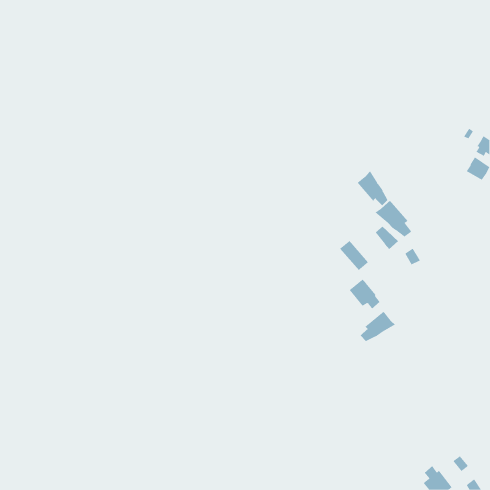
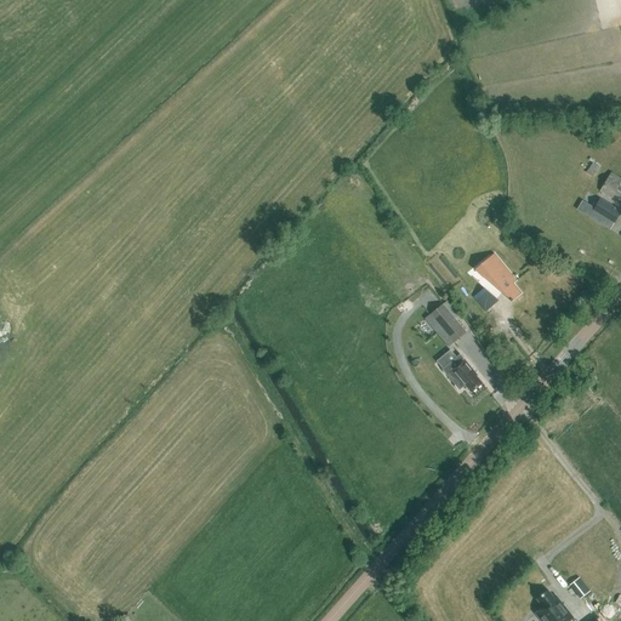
building: [357,170,388,206] -> none
building: [360,311,396,342] -> none

